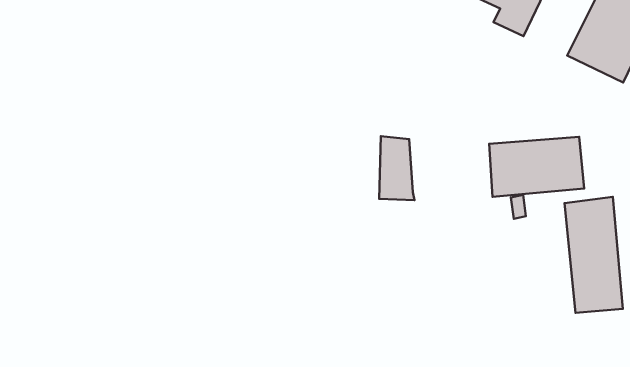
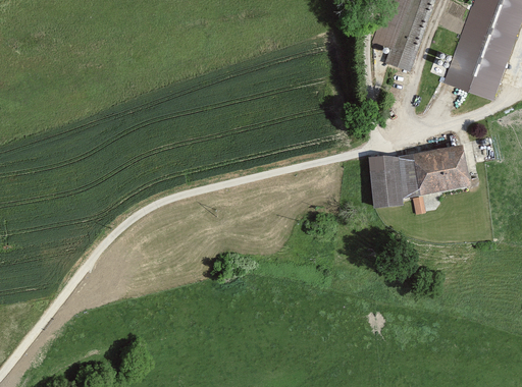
building: [379,136,414,200] -> [370,158,402,207]
building: [565,197,623,313] -> none

